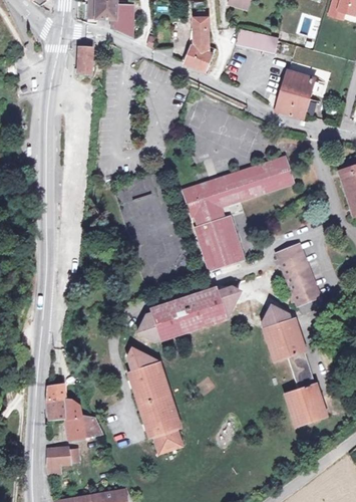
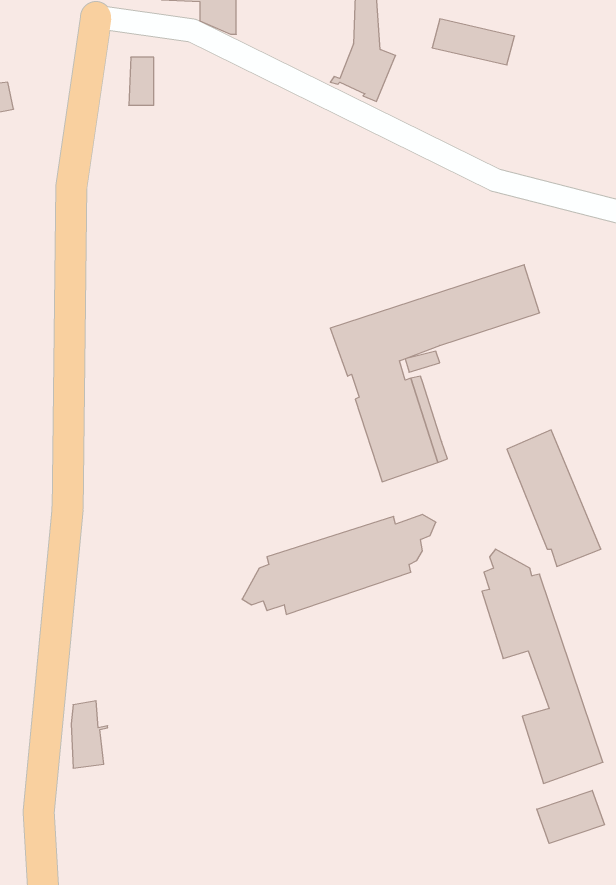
building: [277,68,315,116] -> none
building: [128,350,180,451] -> none
building: [63,399,101,440] -> none
building: none -> [537,790,605,843]
building: [46,447,79,475] -> none

